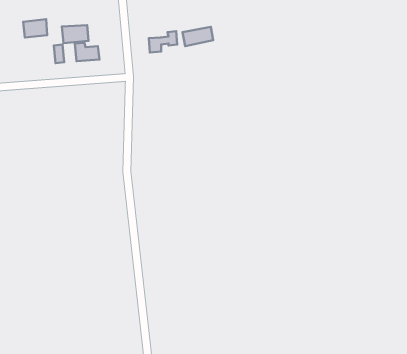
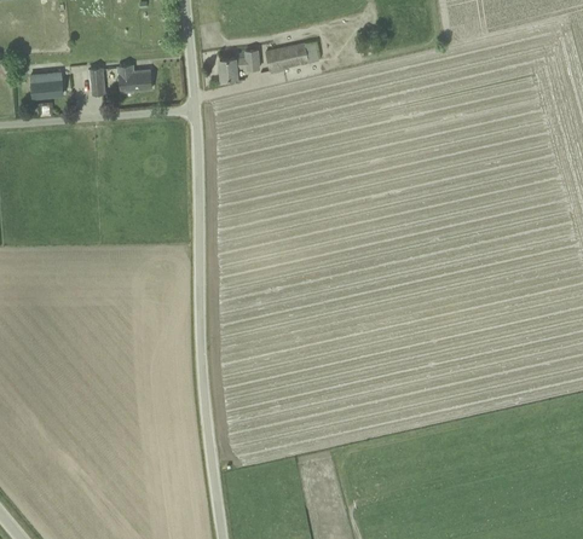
building: [23,19,47,38] -> [30,71,63,97]
building: [62,25,89,43] -> none

